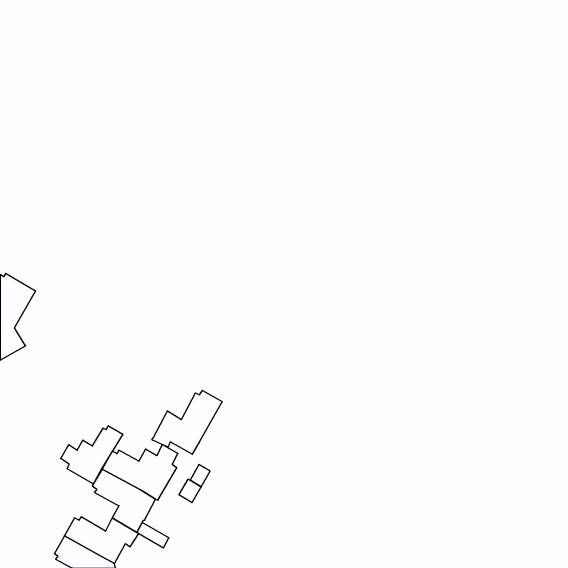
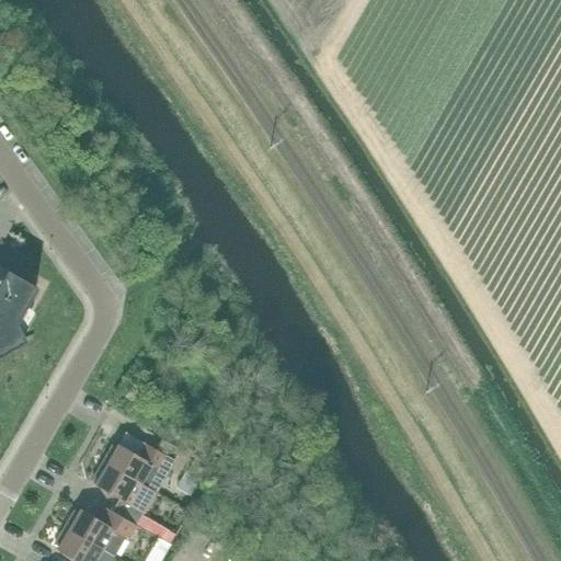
building: [152,390,222,454] -> none
building: [61,426,123,484] -> none

